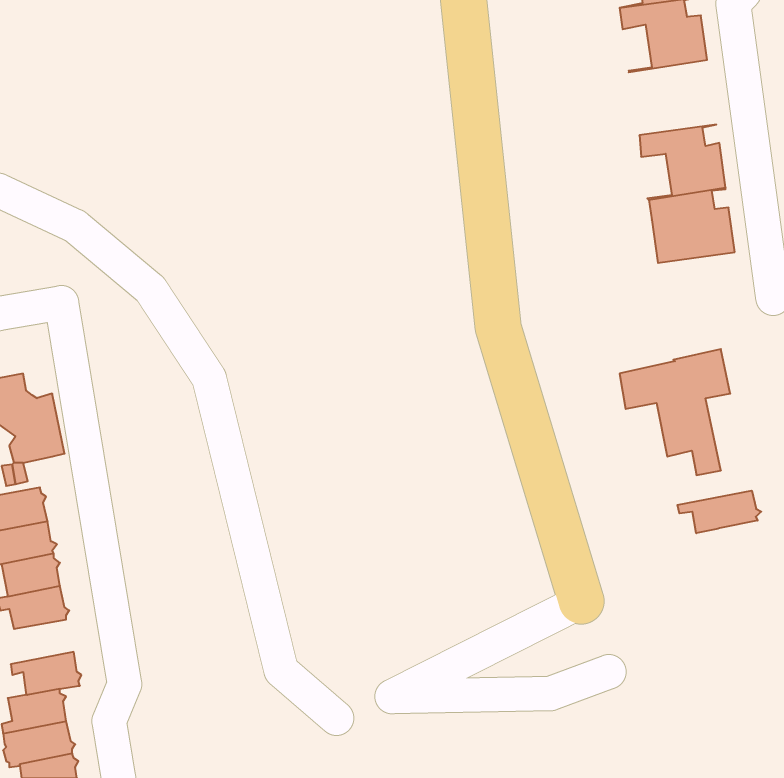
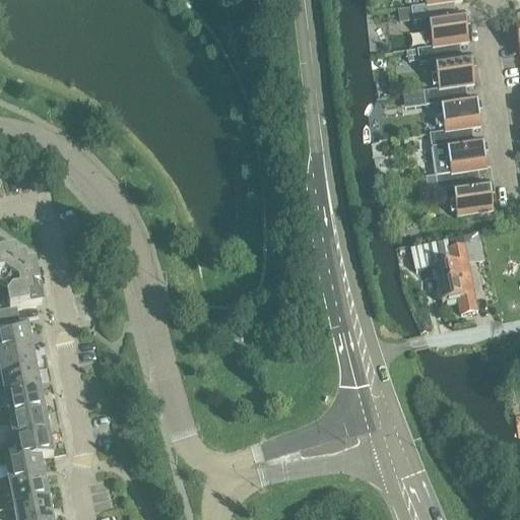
building: none -> [415,40,473,89]
building: none -> [425,167,492,214]
building: [677,491,761,533] -> none
building: none -> [5,409,49,439]

